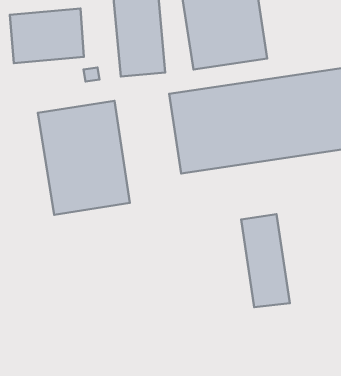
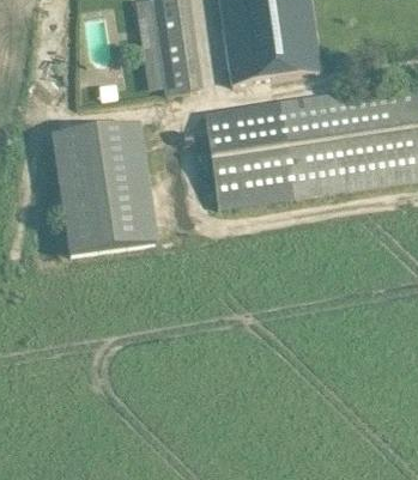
building: [10,8,84,63] -> none
building: [241,214,290,307] -> none

